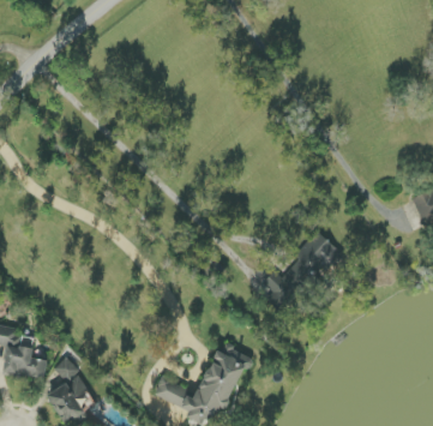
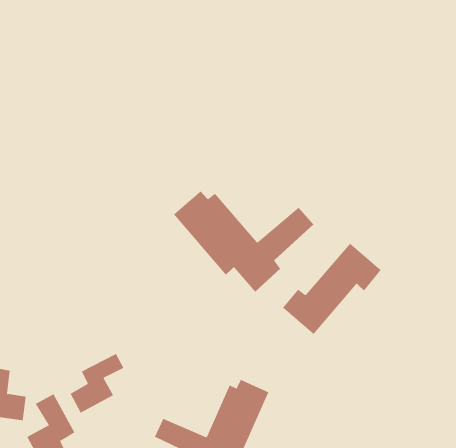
building: none -> [173,190,314,292]
building: none -> [70,353,124,413]

